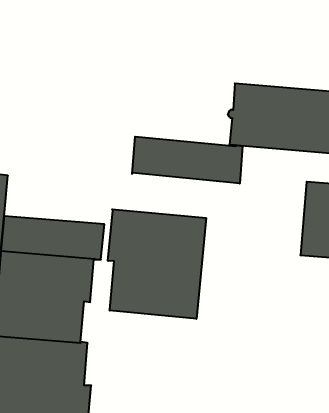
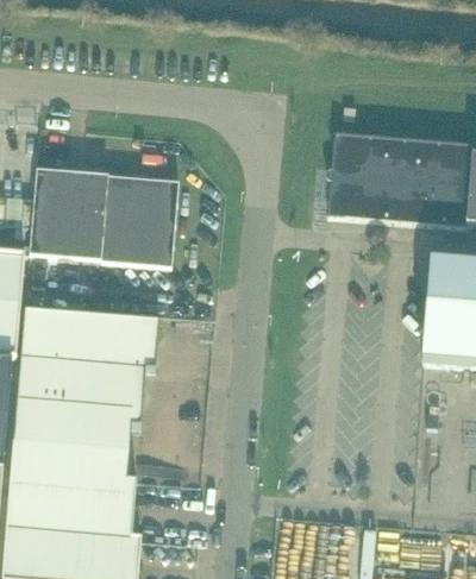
building: none -> [30,165,178,263]
building: [132,137,243,184] -> none
building: [108,209,206,319] -> none

